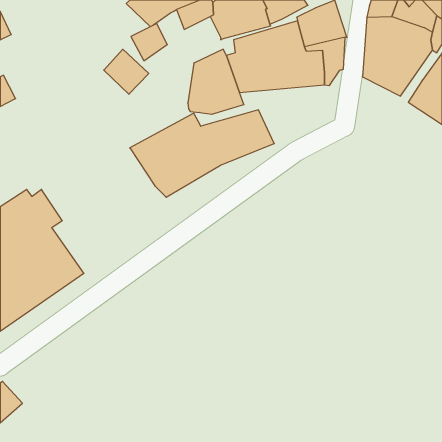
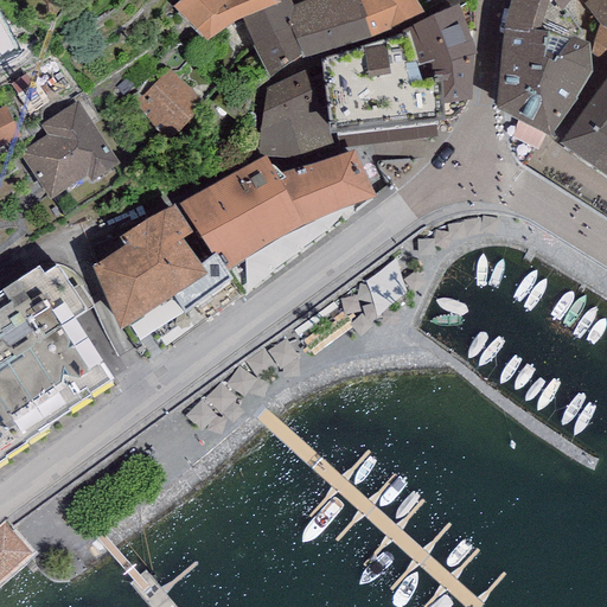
building: [131,24,167,61] -> [253,23,302,74]
building: none -> [20,98,120,197]
building: none -> [91,204,232,331]

